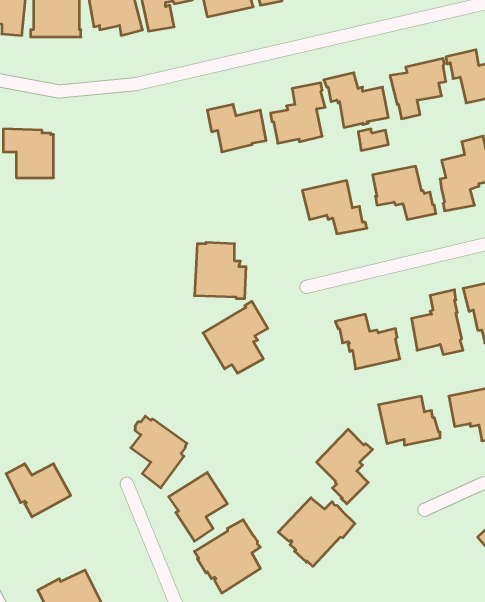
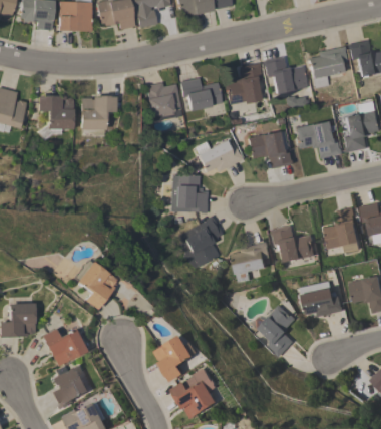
building: none -> [144,82,182,122]
building: none -> [81,96,116,130]
building: none -> [194,140,243,172]
building: none -> [230,242,270,283]
building: [131,416,187,488] -> [75,260,114,310]
building: [278,498,355,566] -> none
building: none -> [51,366,90,409]

